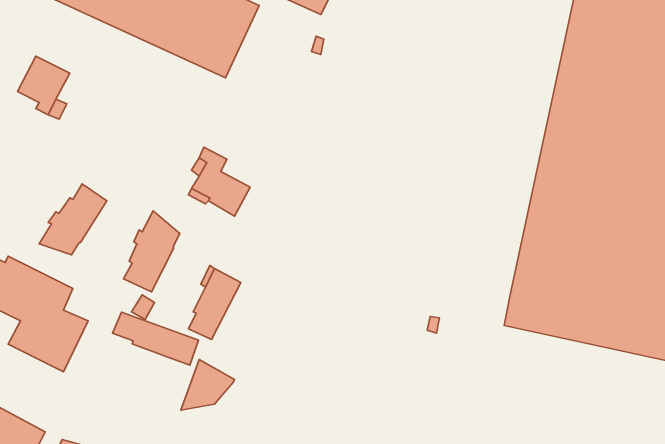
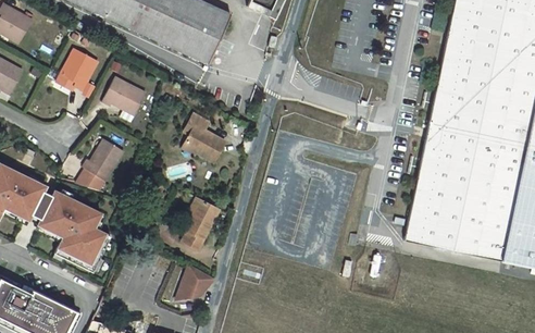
building: none -> [102,77,146,122]
building: [123,211,180,292] -> none
building: [113,312,198,365] -> none

